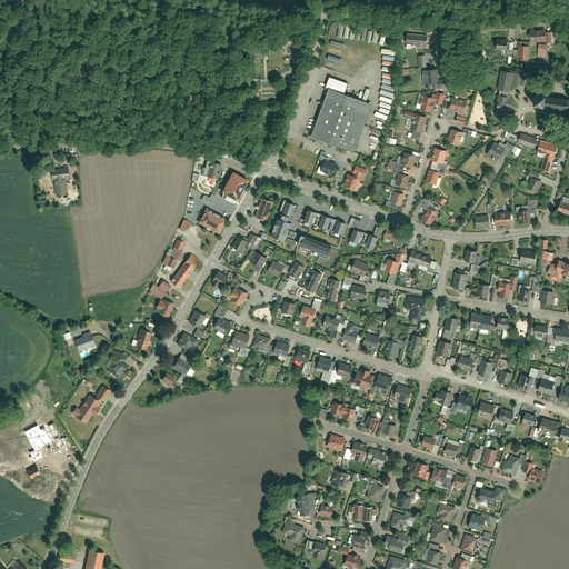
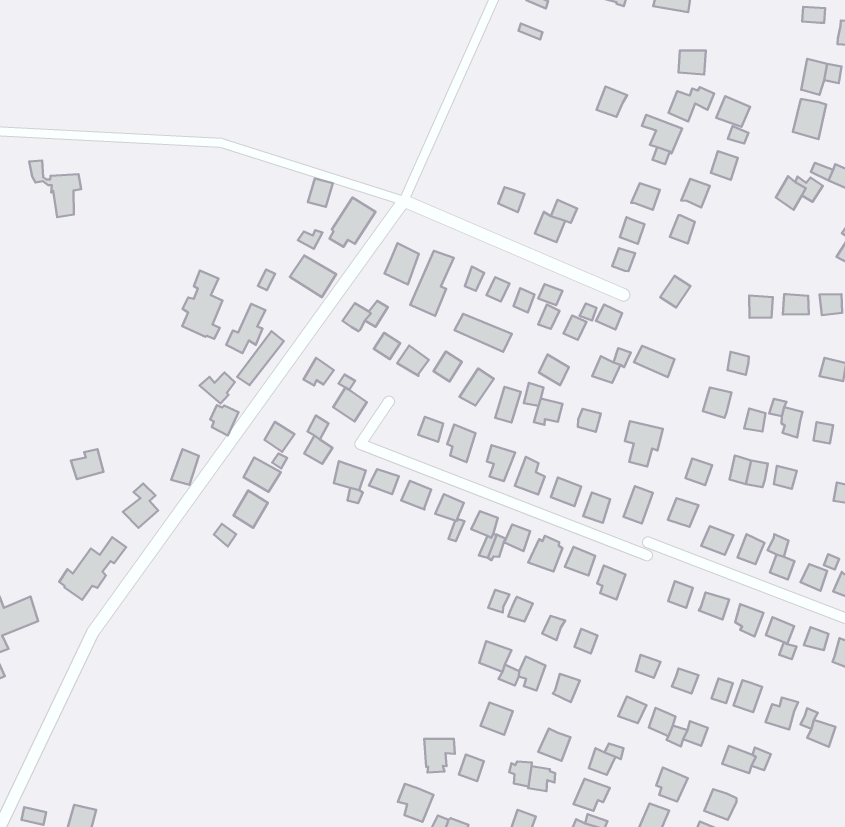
building: [310,78,373,153] -> none
building: none -> [182,270,223,339]

